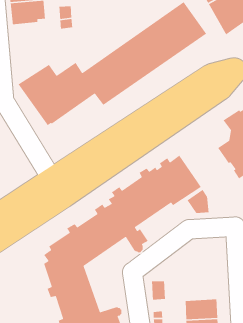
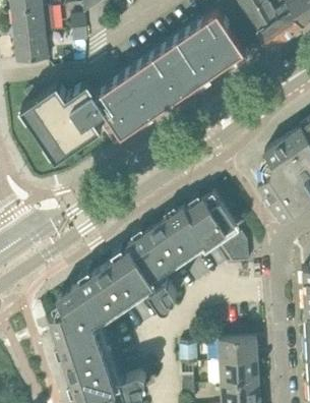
building: none -> [15,36,48,62]
building: none -> [219,338,258,365]

